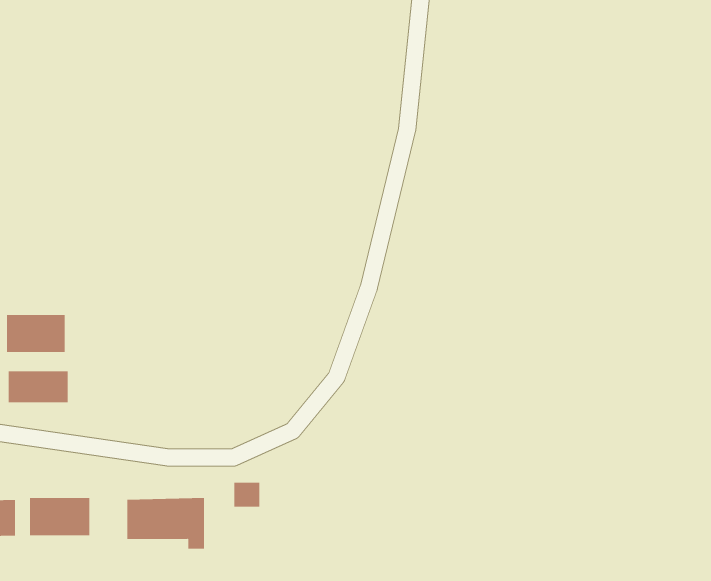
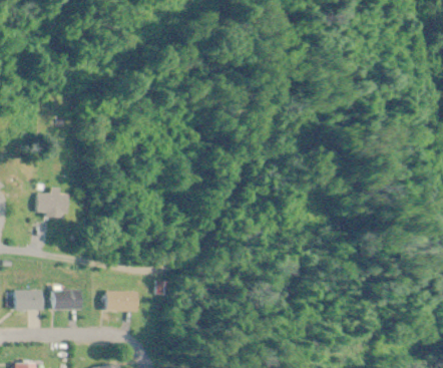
building: [8,371,68,403] -> none

